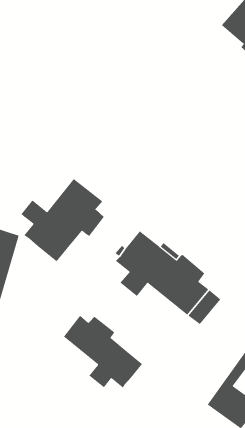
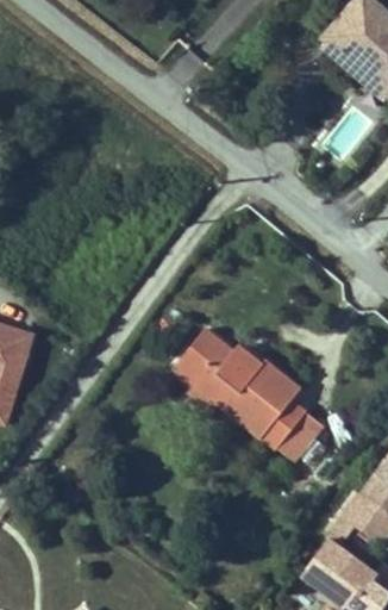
building: [20,178,104,262] -> none
building: [63,315,143,388] -> none

